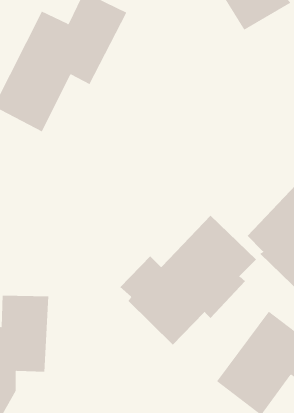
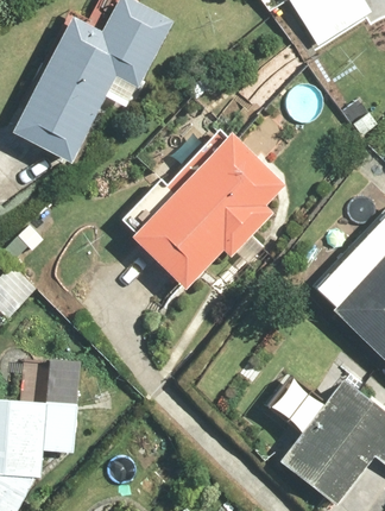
building: [120,215,257,345] -> [121,133,286,290]

